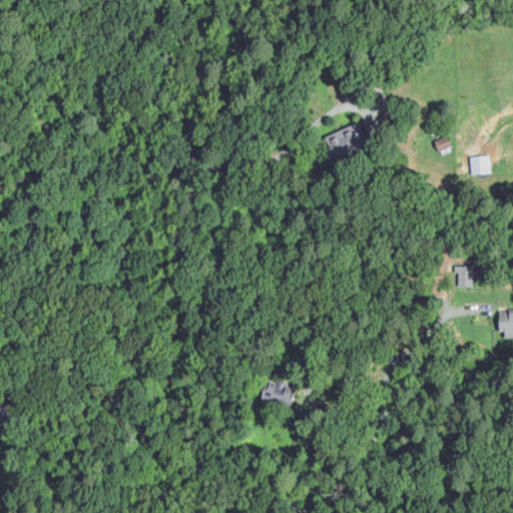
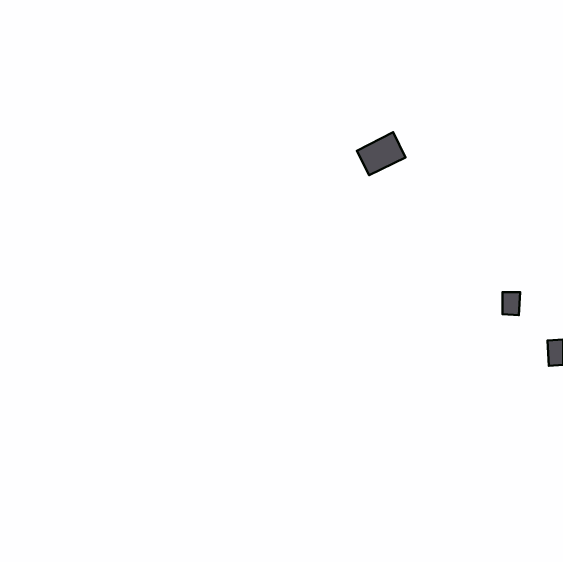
building: [470,156,490,174] -> none
building: [264,384,295,405] -> none

